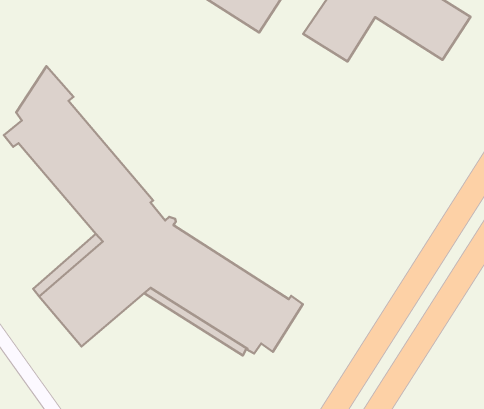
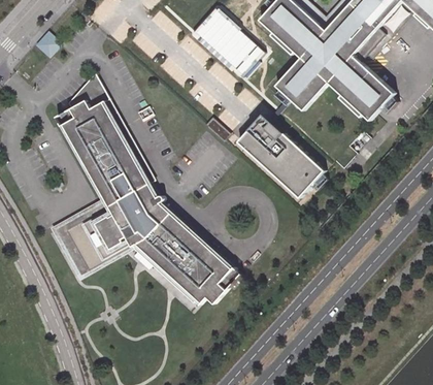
building: none -> [238,116,326,199]

